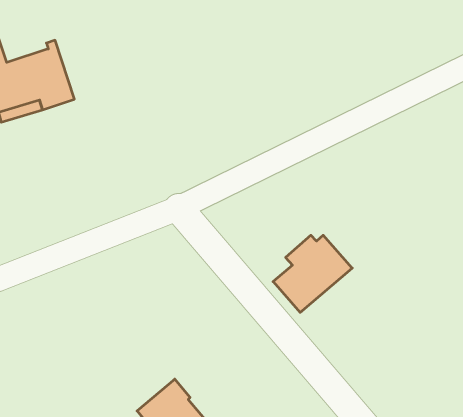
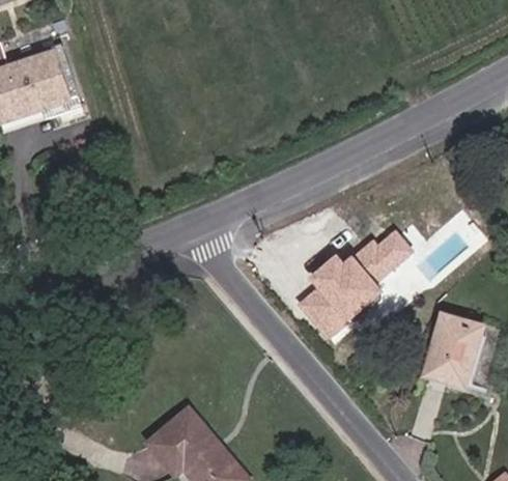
building: none -> [352,227,413,280]
building: none -> [425,315,484,387]

